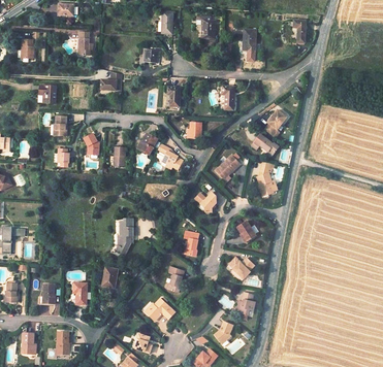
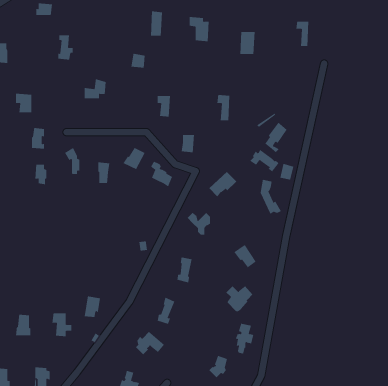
building: [116,219,135,255] -> none

